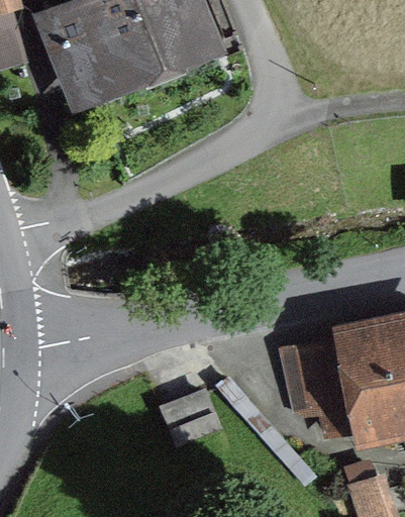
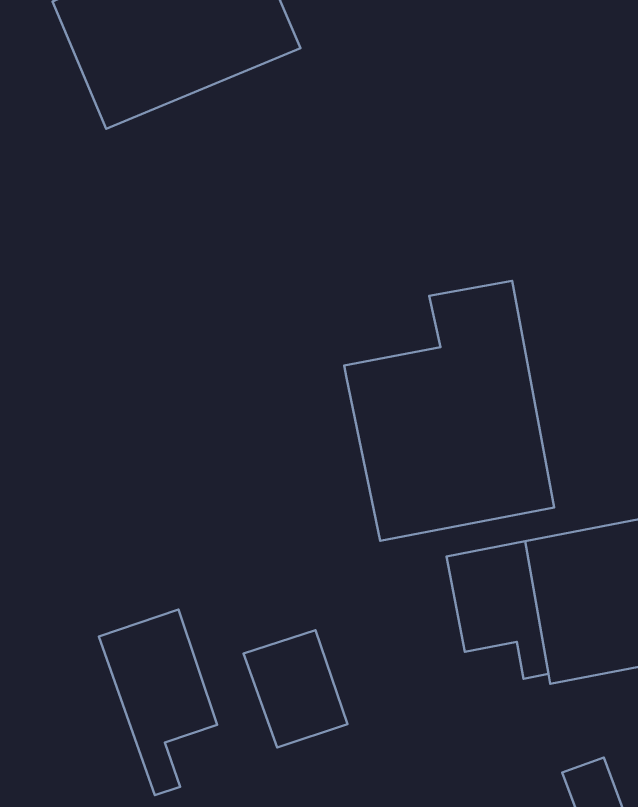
building: none -> [344,281,554,541]
building: none -> [99,610,217,795]

